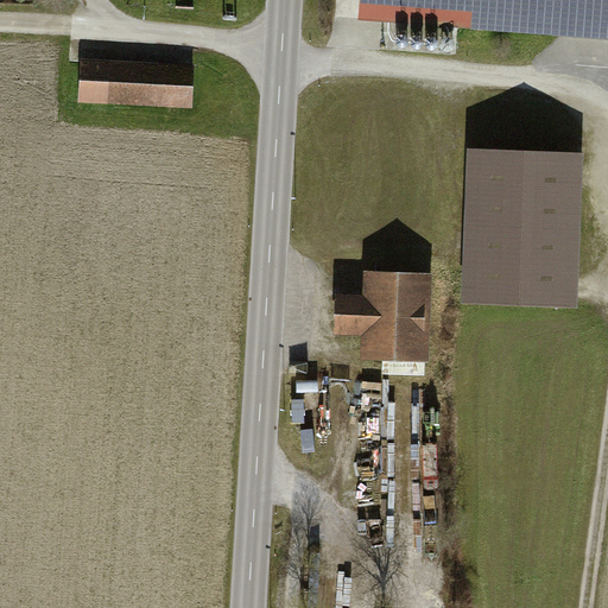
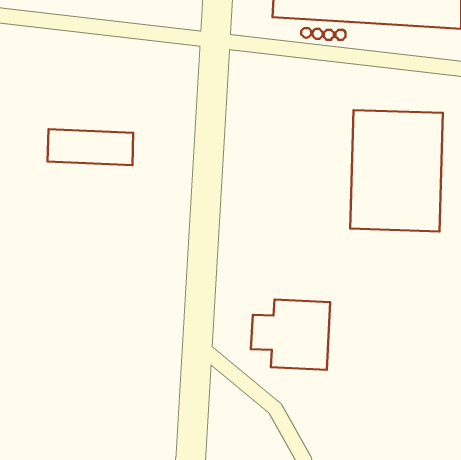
building: [81,62,194,109] -> [48,129,133,165]
building: [330,270,435,362] -> [251,299,330,370]

